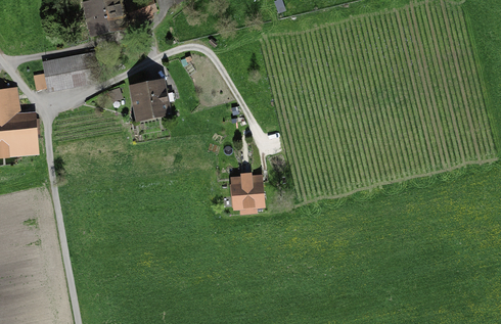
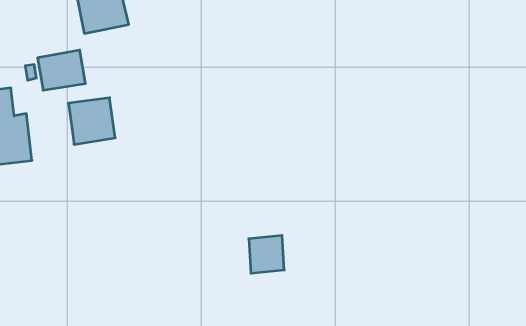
building: [127,81,170,124] -> [68,98,115,144]
building: [233,174,266,209] -> [249,235,284,273]

